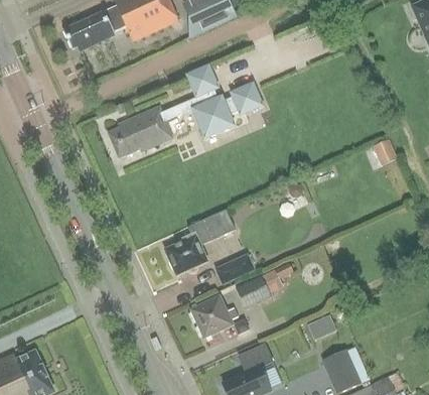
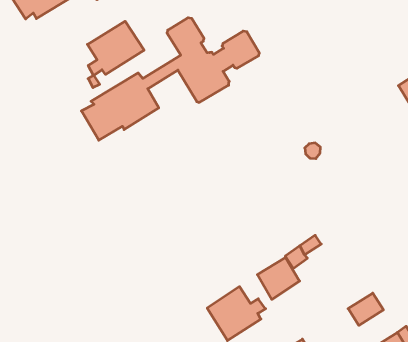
building: none -> [87,21,144,75]
building: [166,209,236,273] -> none
building: [213,252,255,284] -> none

